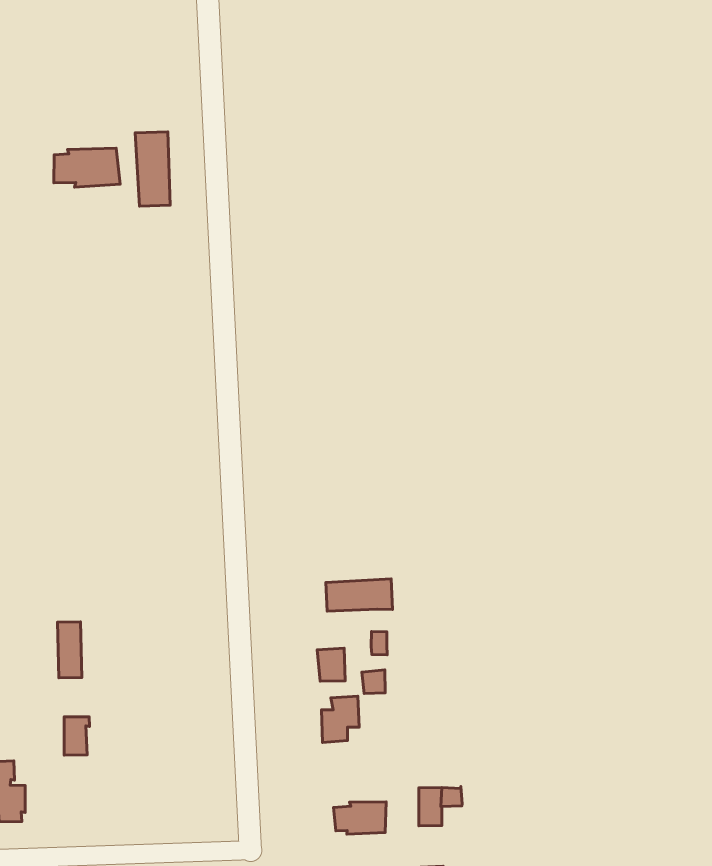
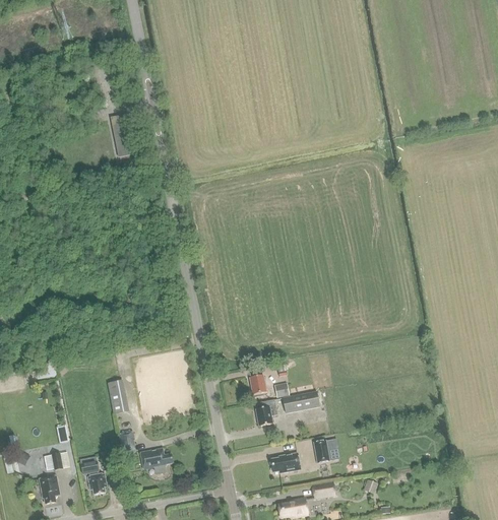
building: [54,148,120,187] -> none
building: [326,579,392,611] -> [282,390,319,412]
building: none -> [139,447,172,473]

